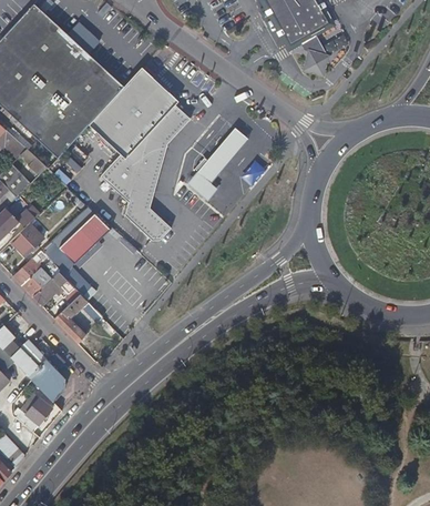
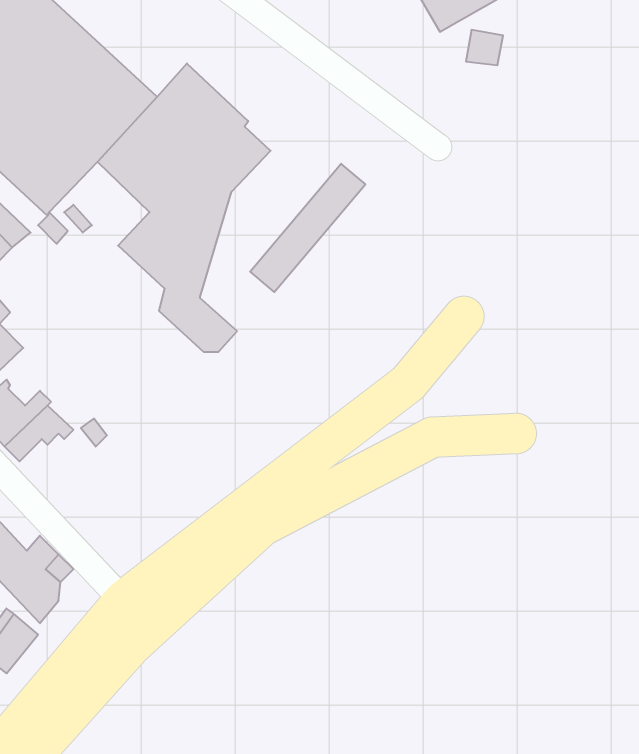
building: [59,212,111,265] -> none
building: [53,294,102,343] -> none

